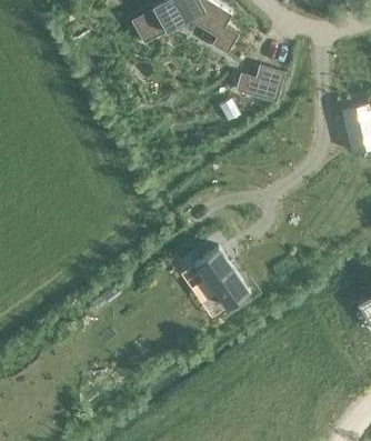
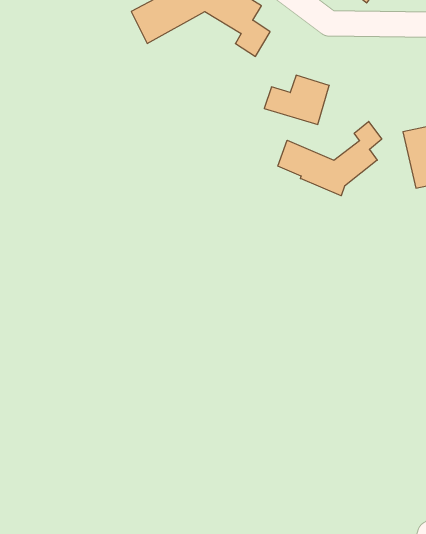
building: none -> [278,121,382,196]
building: [191,248,249,310] -> none

